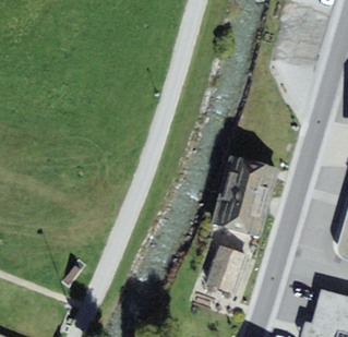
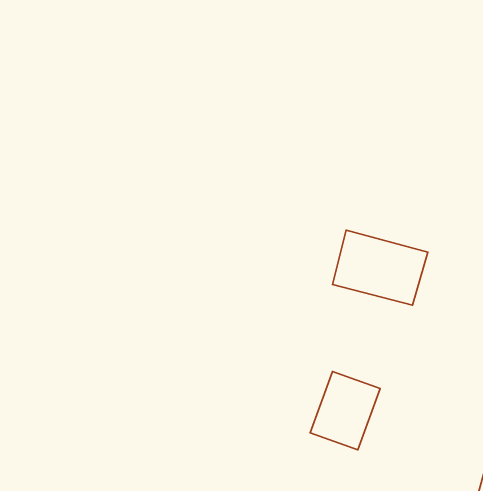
building: [209,189,271,237] -> none

